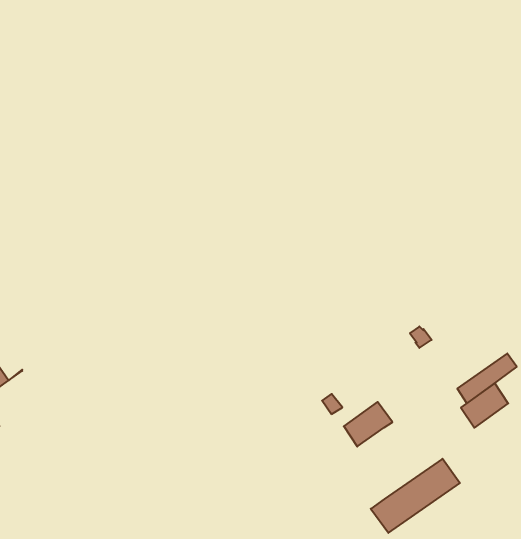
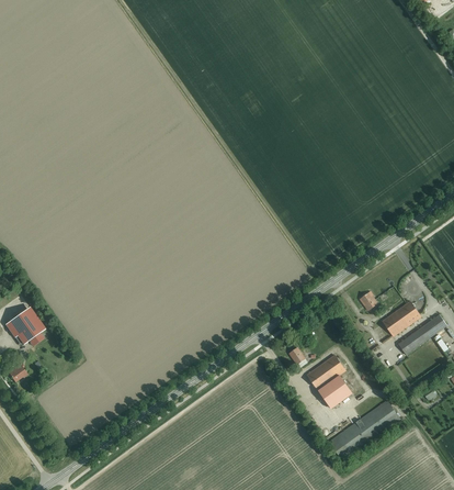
building: [461,383,508,428] -> [383,300,421,336]
building: none -> [318,375,352,408]

